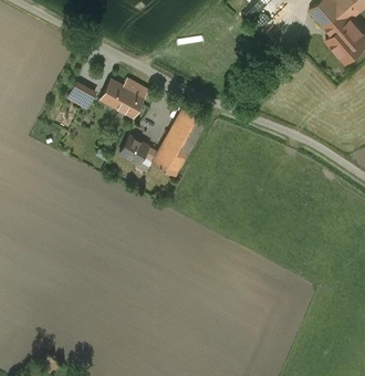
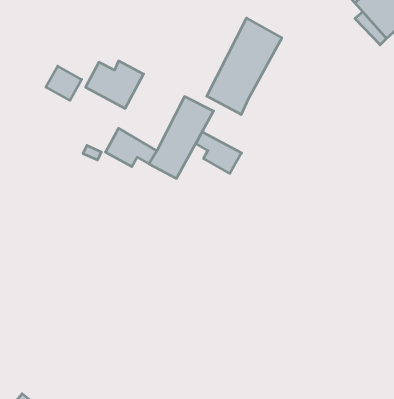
building: none -> [207,18,282,115]
building: none -> [196,132,242,173]

